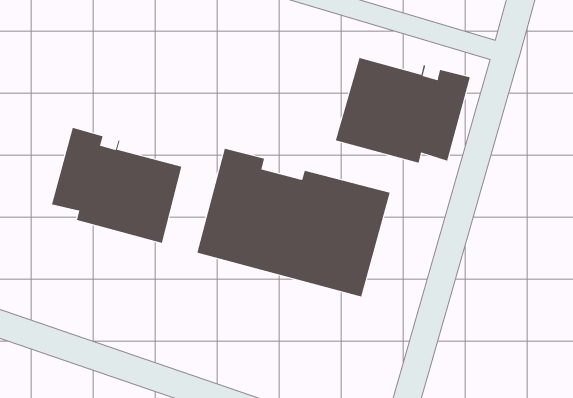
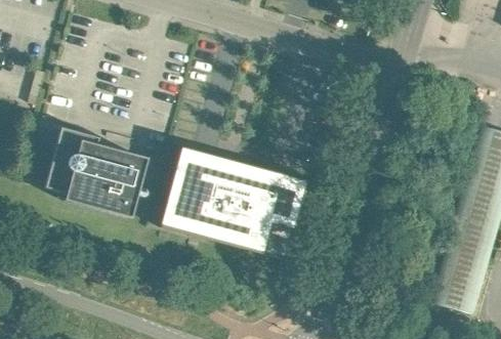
building: [335,57,471,163] -> none

